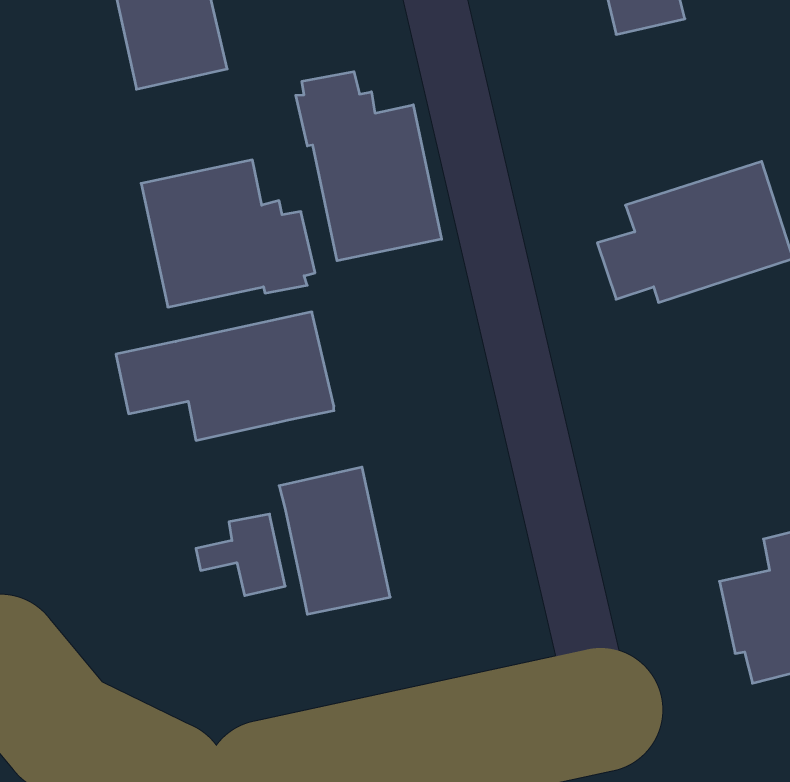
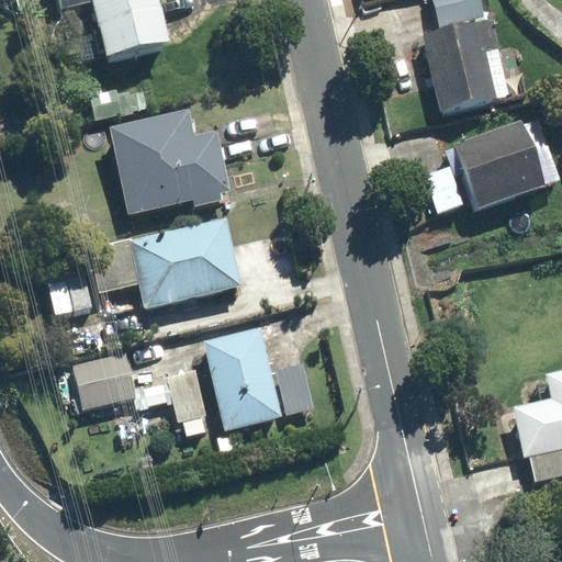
building: none -> [423,19,532,113]
building: [296,72,442,261] -> none
building: none -> [76,350,137,407]

